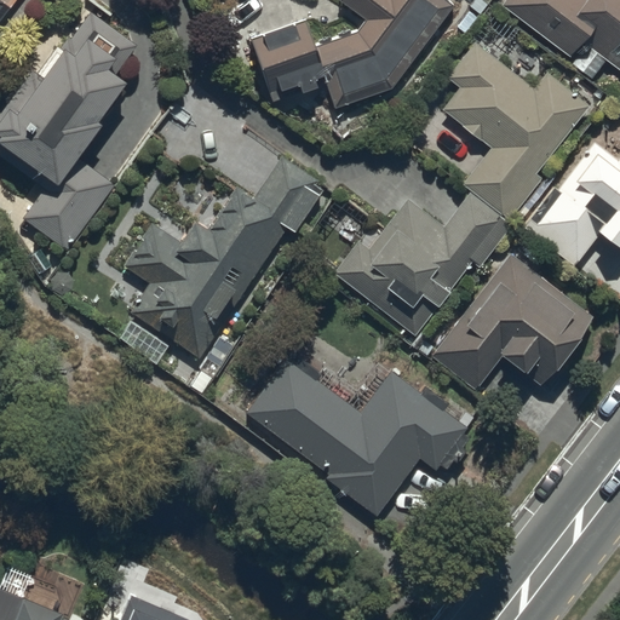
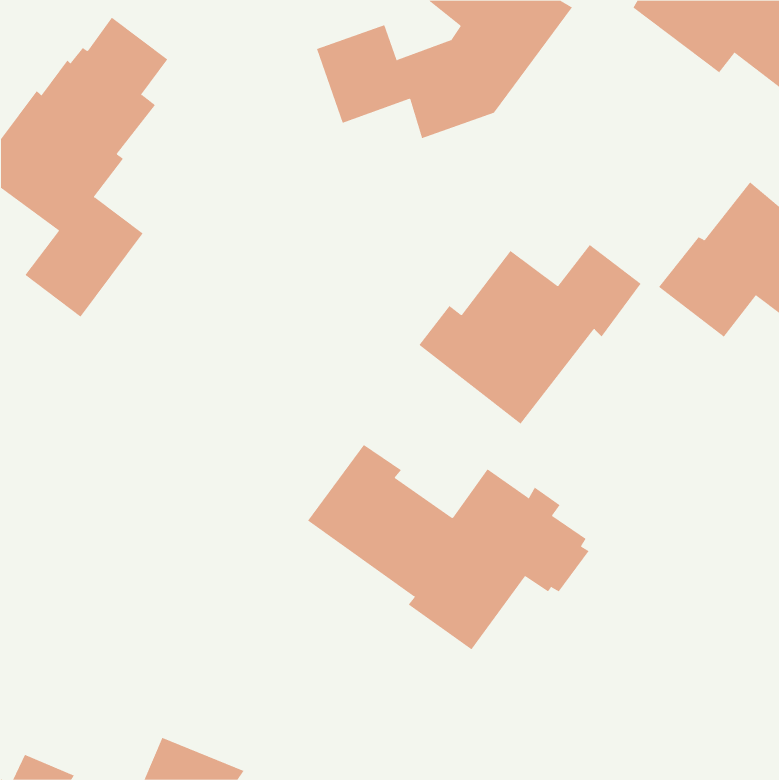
building: [443,42,591,222] -> none
building: [122,157,323,360] -> none
building: [430,254,592,390] -> none

